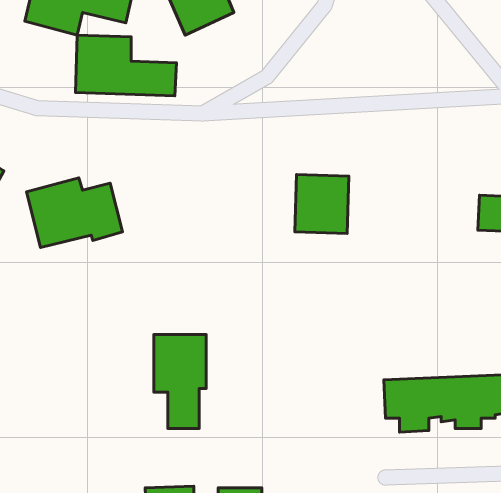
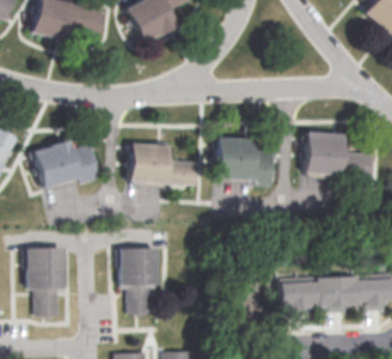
building: [75,35,176,96] -> [130,142,200,184]
building: none -> [306,132,344,172]
building: none -> [253,150,272,184]
building: none -> [27,247,67,316]

